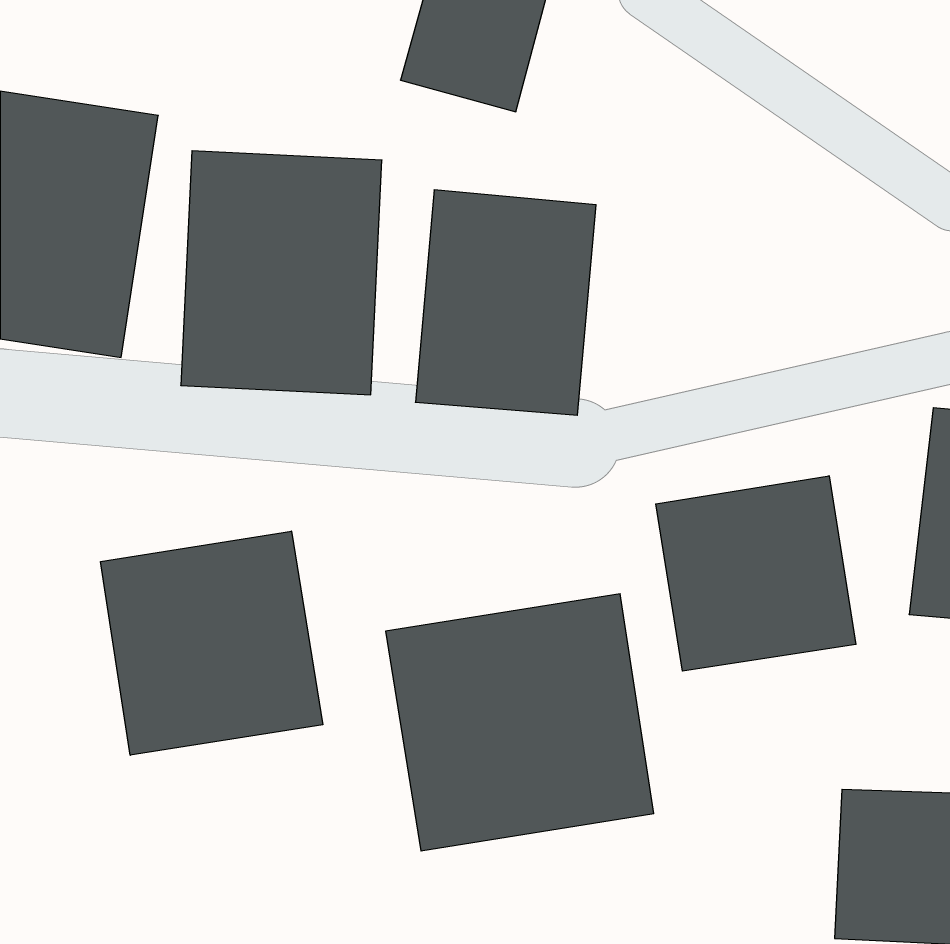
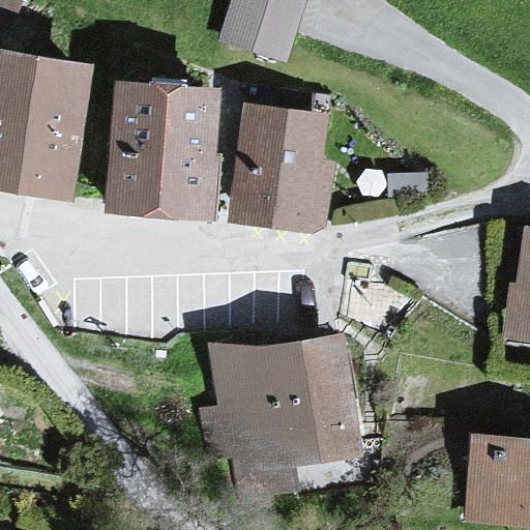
building: [656,476,856,671] -> none
building: [101,531,323,755] -> none

